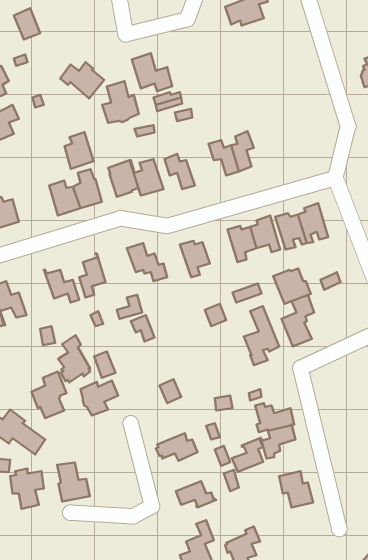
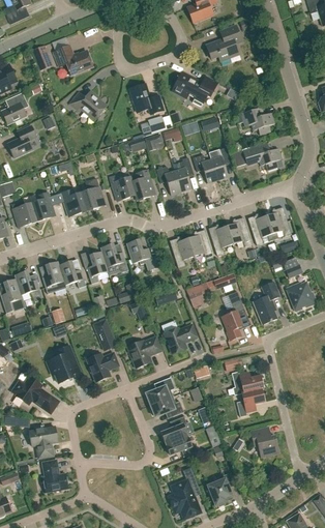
building: none -> [53,46,92,75]
building: none -> [171,71,217,106]
building: [102,81,139,123] -> none
building: none -> [241,107,274,135]
building: none -> [242,145,282,170]
building: [64,132,93,169] -> [31,192,55,222]
building: none -> [174,157,193,192]
building: none -> [187,229,212,259]
building: none -> [100,243,128,274]
building: [273,269,311,304] -> [286,282,317,311]
building: none -> [42,261,65,294]
building: [58,335,90,382] -> none
building: none -> [164,324,197,353]
building: none -> [126,335,161,368]
building: none -> [145,377,174,405]
building: [232,438,263,472] -> [160,415,186,443]
building: [57,462,90,501] -> [41,460,68,492]

